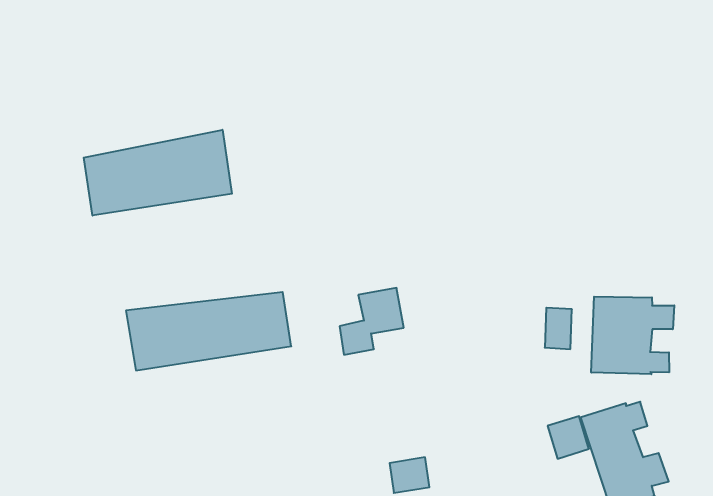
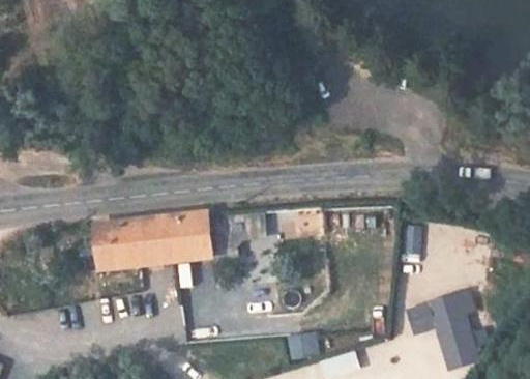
building: [84,130,232,216] -> none
building: [591,297,674,374] -> none

